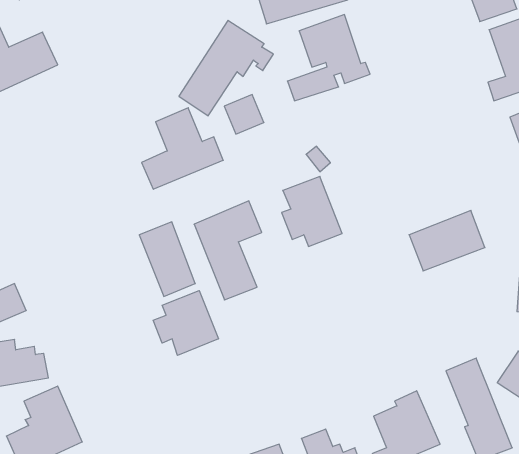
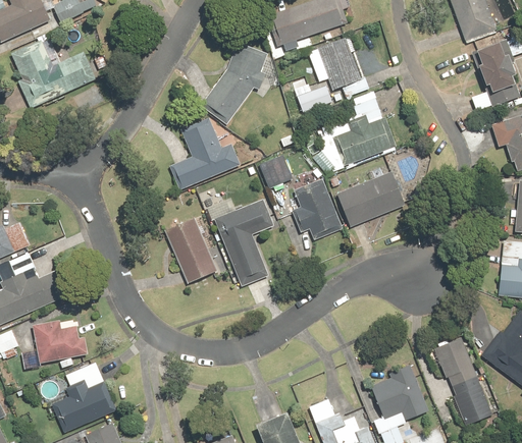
building: none -> [335,96,395,163]
building: [224,95,264,134] -> [256,154,291,188]
building: [409,210,485,271] -> [337,171,404,224]
building: [153,291,218,355] -> none

